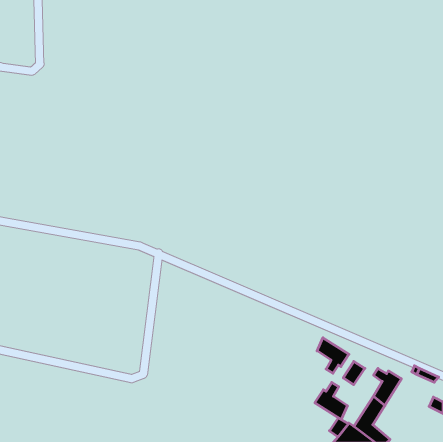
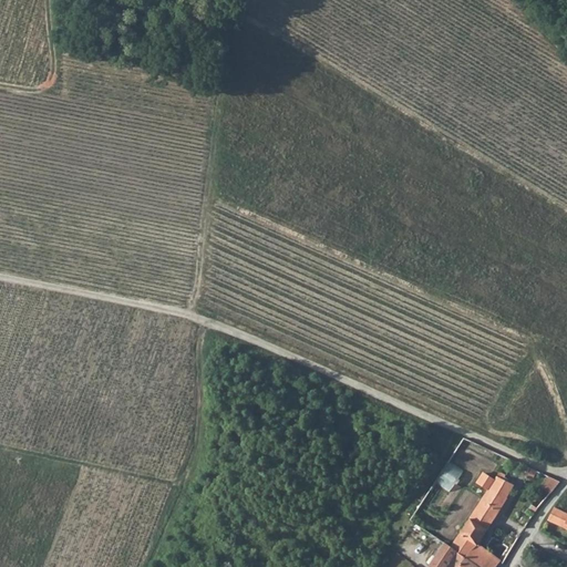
building: [317,338,349,373] -> none
building: [315,382,347,420] -> none

